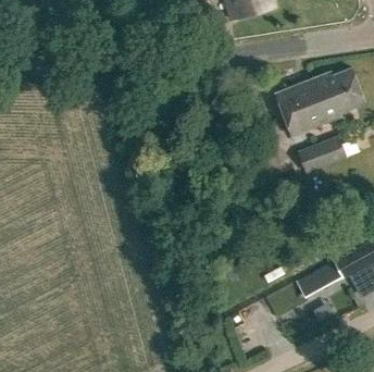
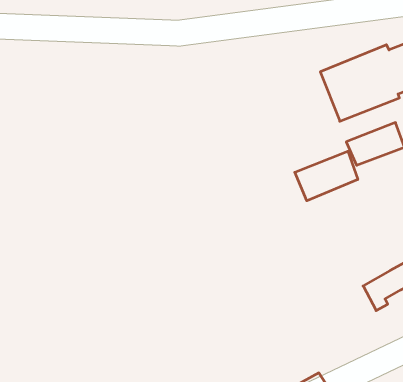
building: none -> [295,151,358,201]

